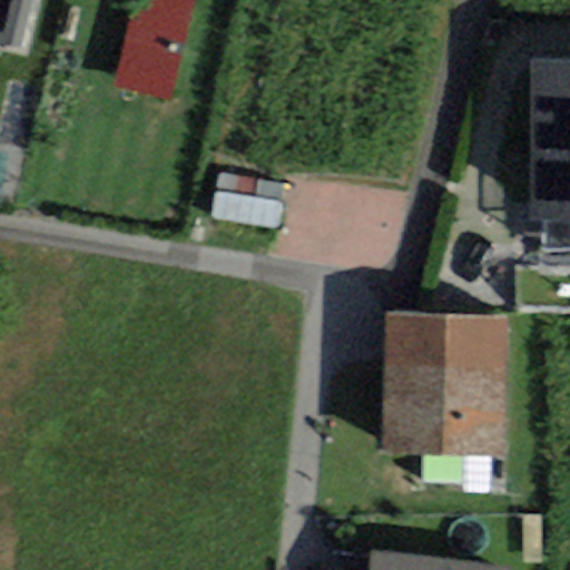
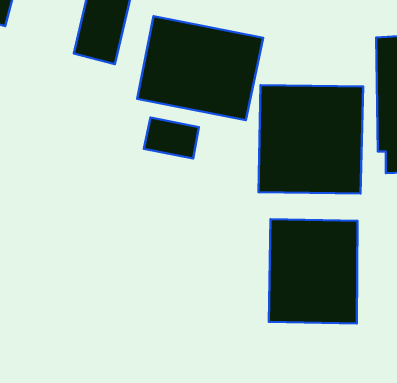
building: none -> [137,16,263,120]
building: none -> [259,85,363,193]

